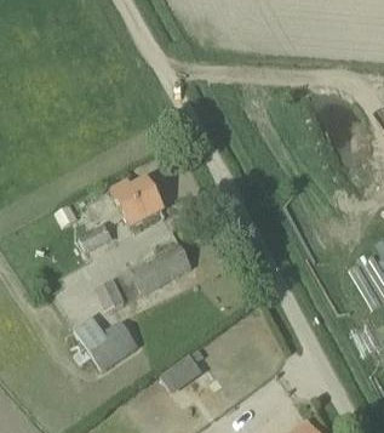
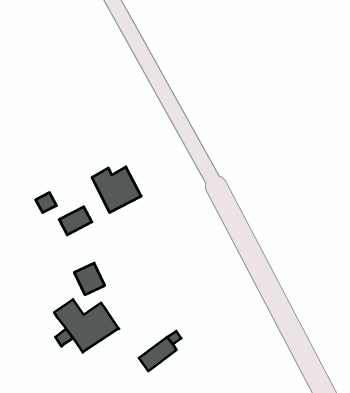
building: [119,241,195,301] -> none

